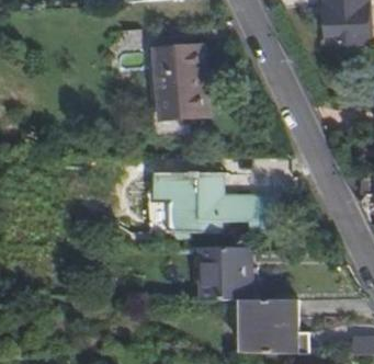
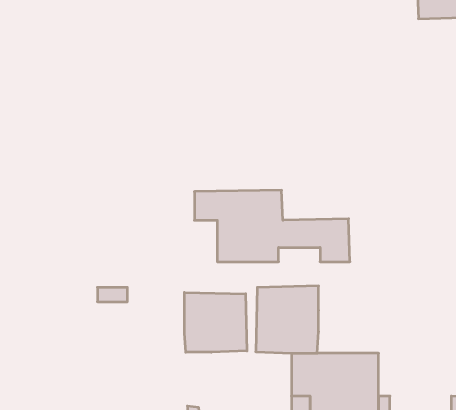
building: [152,46,204,136] -> none
building: none -> [184,292,247,352]

